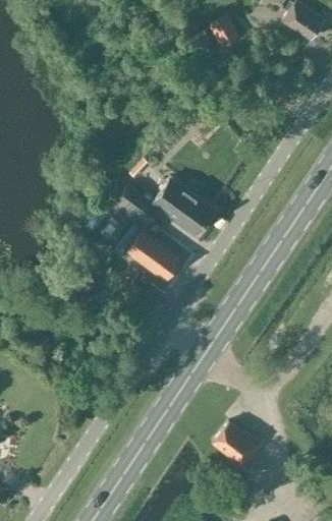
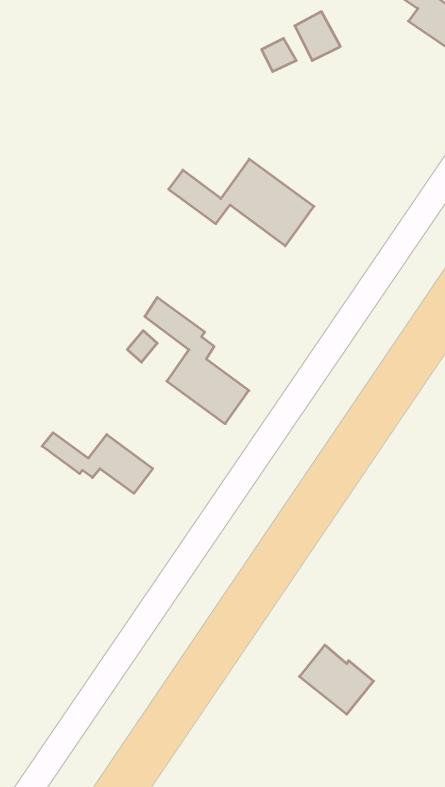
building: [120,181,214,237] -> [169,159,314,246]
building: none -> [42,433,153,493]

